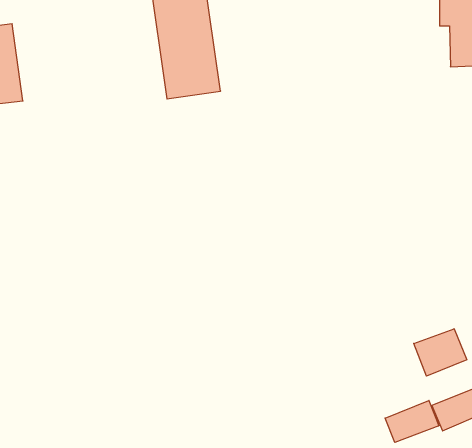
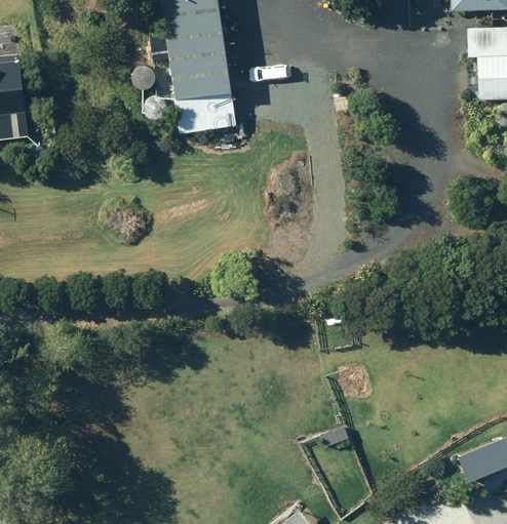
building: [414,329,467,376] -> none
building: [385,400,439,442] -> none

